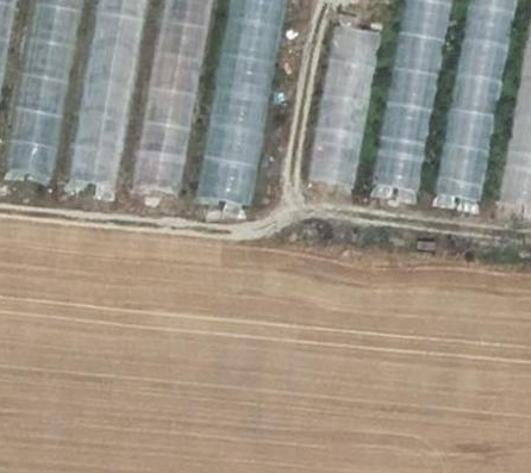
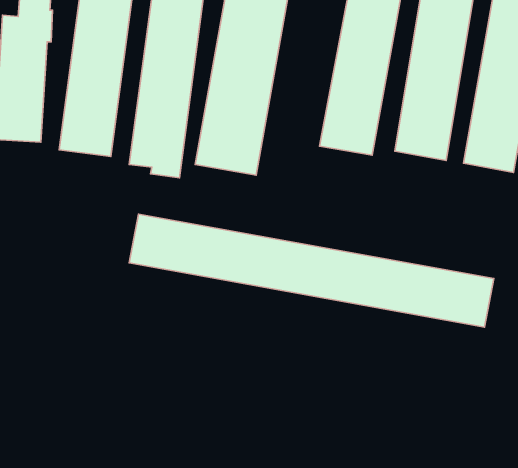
building: none -> [129,214,494,327]

